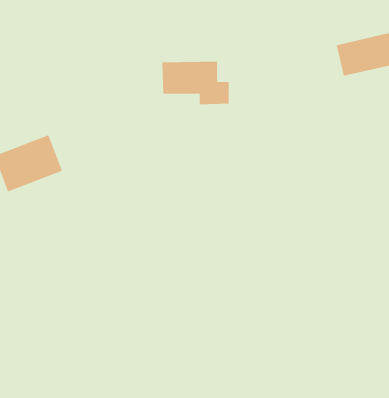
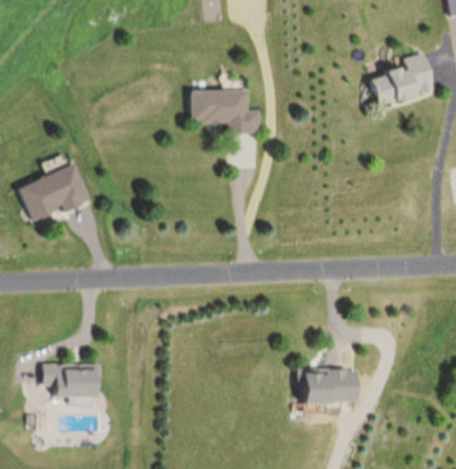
building: none -> [44,364,98,397]
building: none -> [303,370,360,402]

